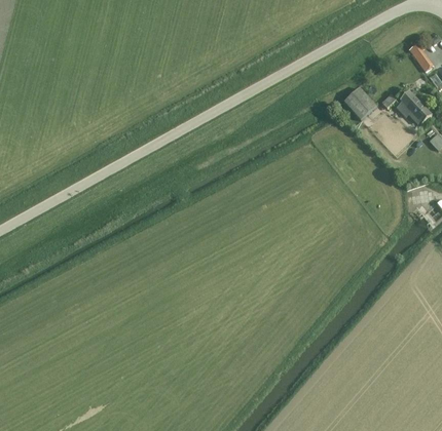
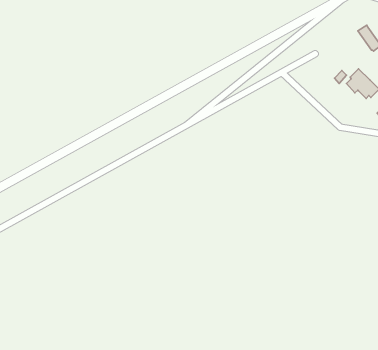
building: [343,86,376,119] -> none

